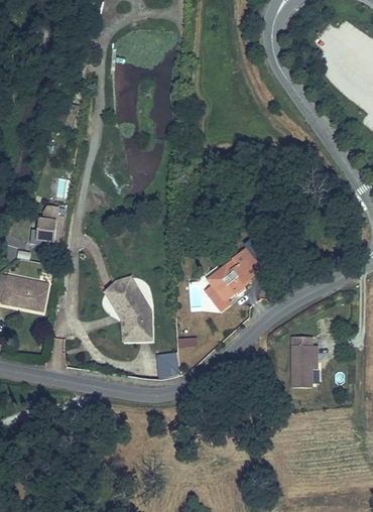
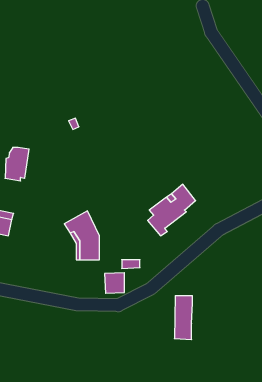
building: [103,272,135,296] -> none
building: [290,338,312,389] -> [174,296,192,340]

